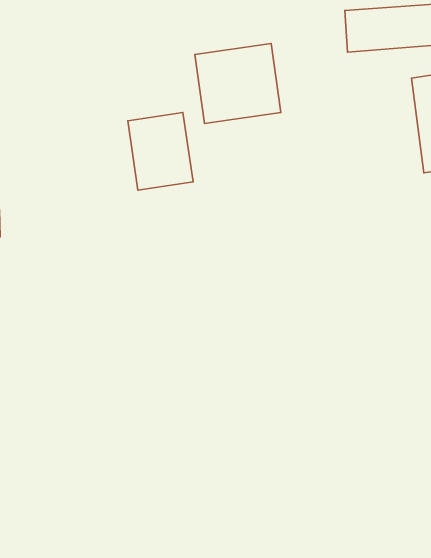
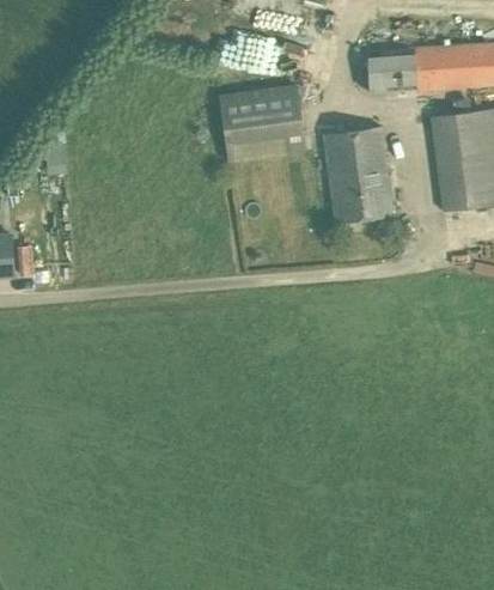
building: none -> [324,128,392,221]
building: [128,113,193,190] -> none

